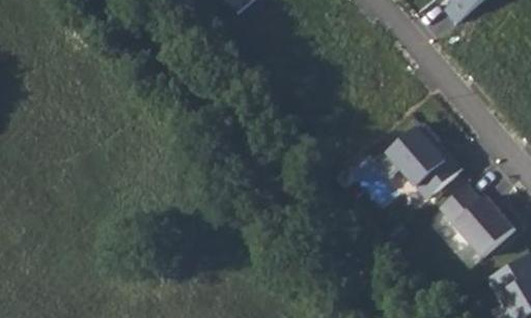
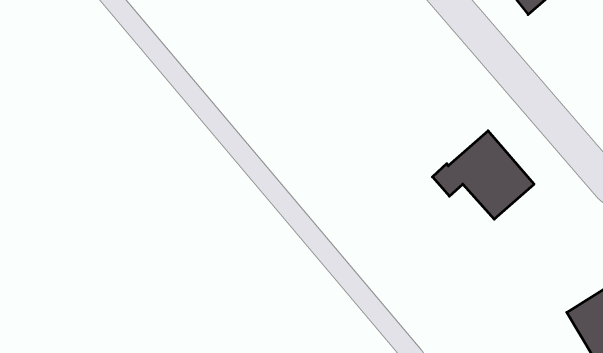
building: [444,184,514,253] -> none

